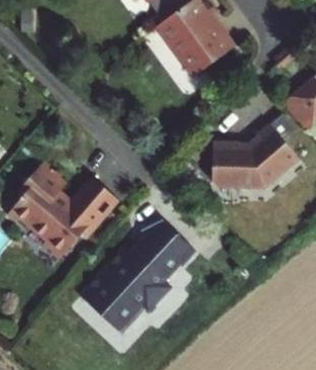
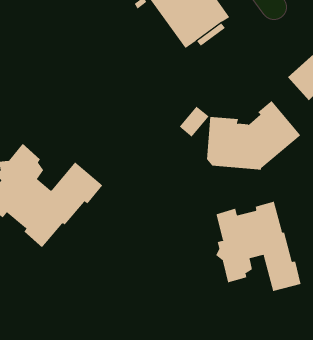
building: none -> [215,201,301,292]
building: [78,220,194,335] -> none

